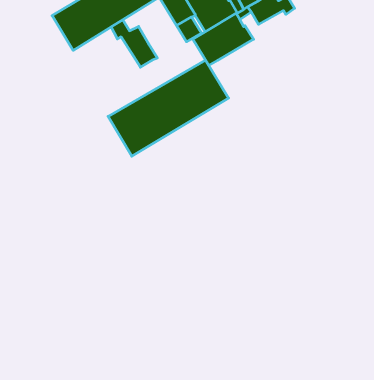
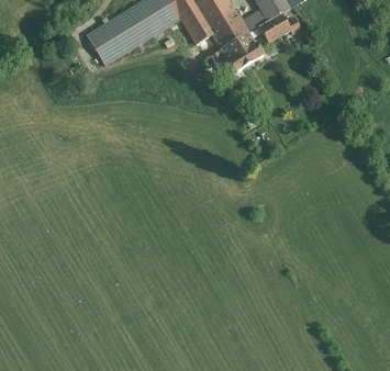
building: [111,20,157,67] -> none
building: [108,60,229,156] -> none

